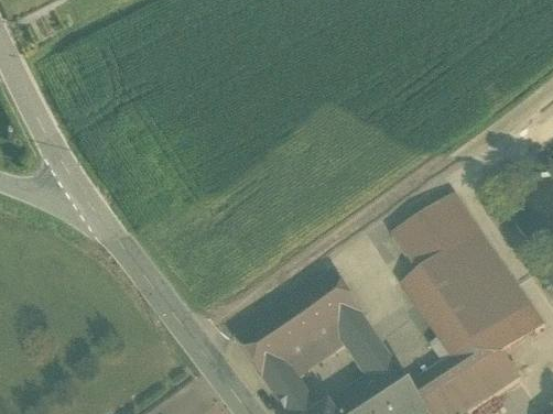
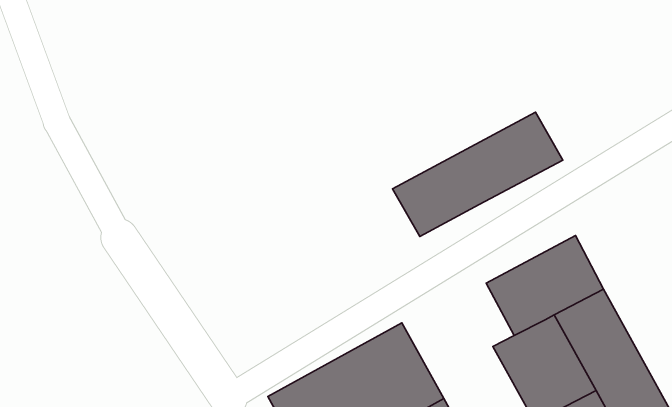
building: none -> [392,112,563,237]

